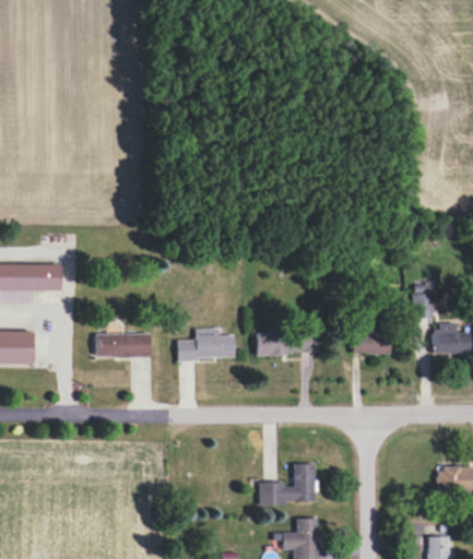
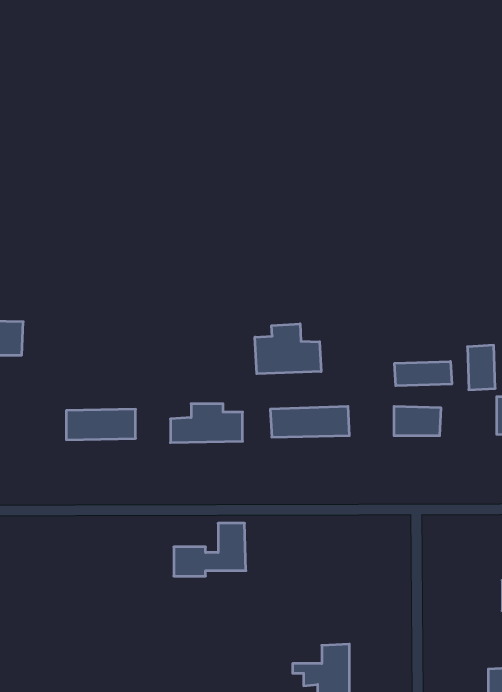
building: none -> [255,324,321,374]
building: none -> [395,361,452,386]
building: [260,464,317,506] -> [174,523,246,576]

